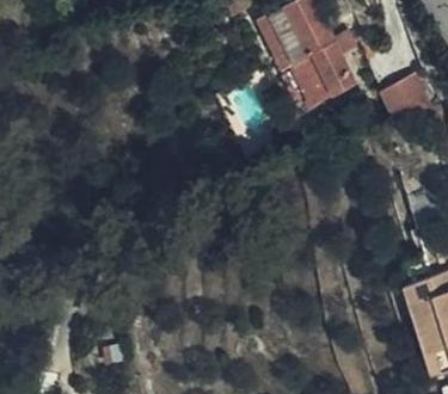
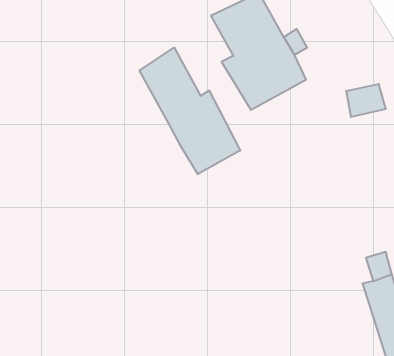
building: none -> [139,48,240,174]

